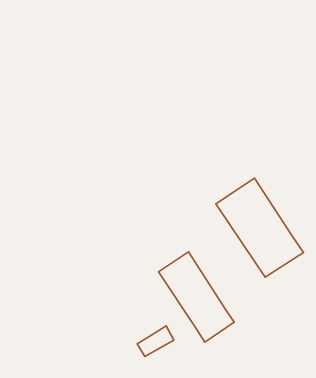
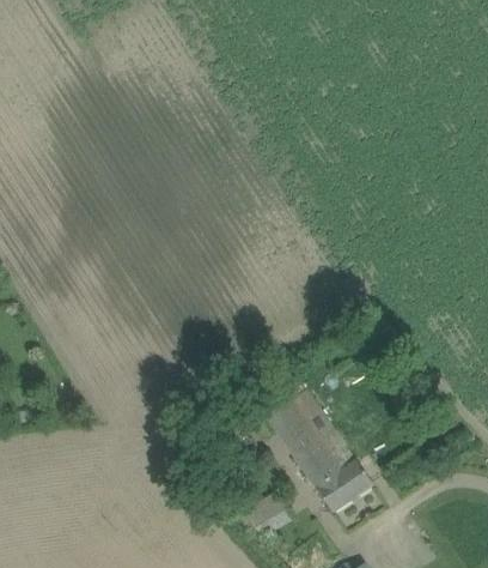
building: [216,178,303,277] -> none

